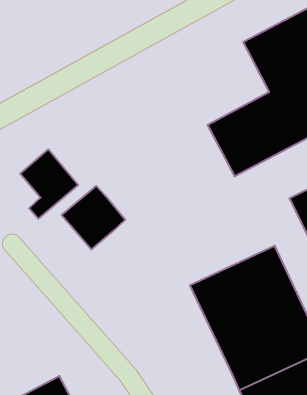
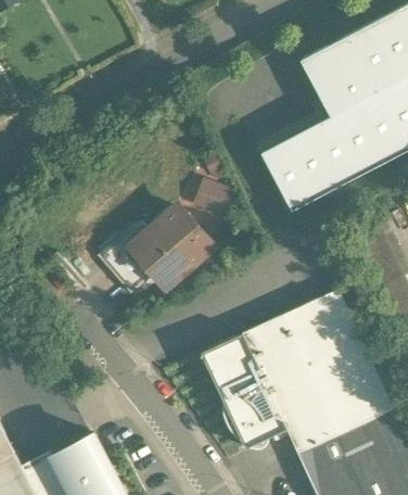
building: none -> [195,180,228,214]
building: [20,149,78,219] -> [146,205,212,283]
building: none -> [202,333,290,448]

